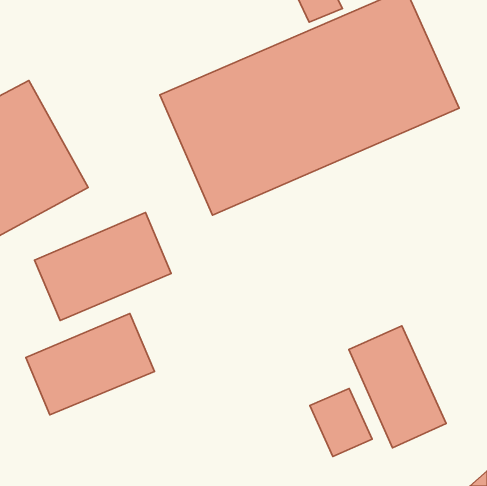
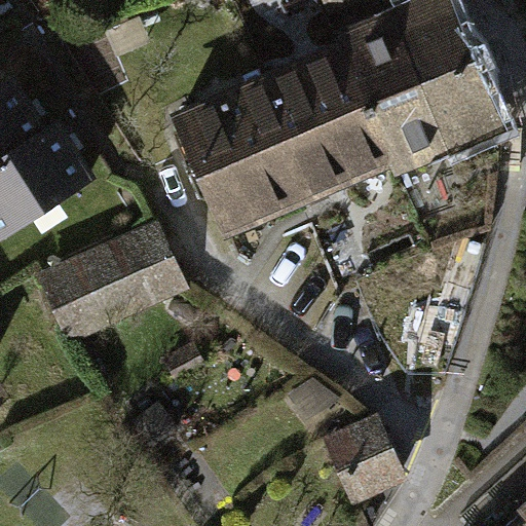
building: [26,313,154,415] -> none
building: [349,326,446,448] -> none

